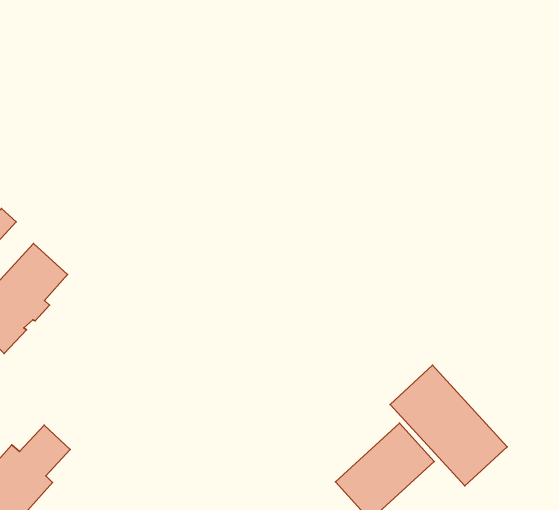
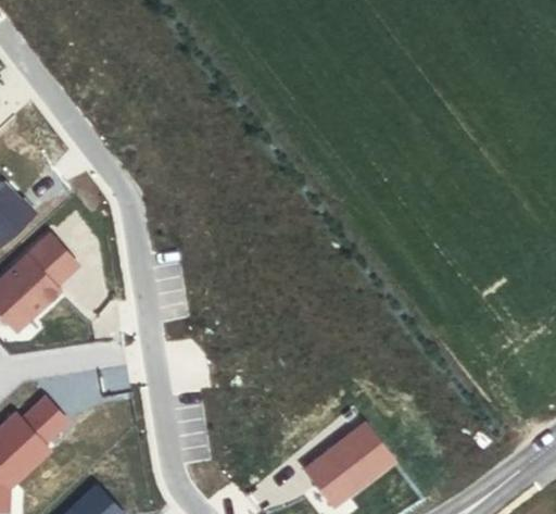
building: [390,365,507,486] -> none

